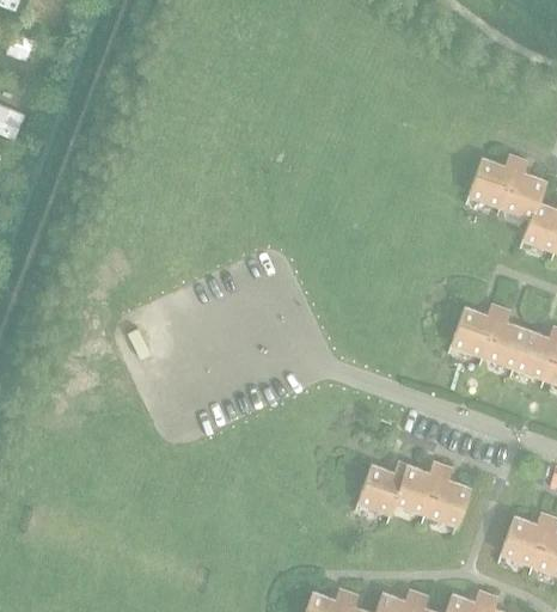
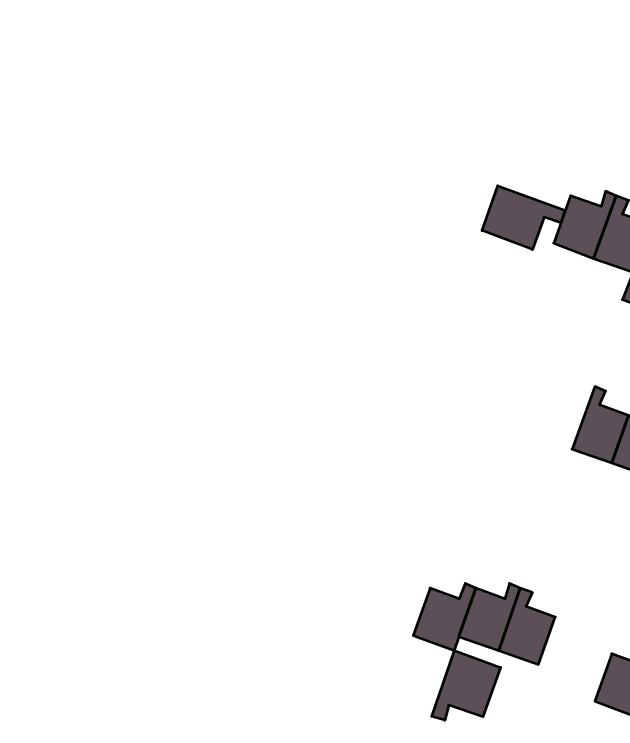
building: none -> [482,186,565,250]
building: [451,305,501,357] -> none
building: none -> [432,651,501,720]

